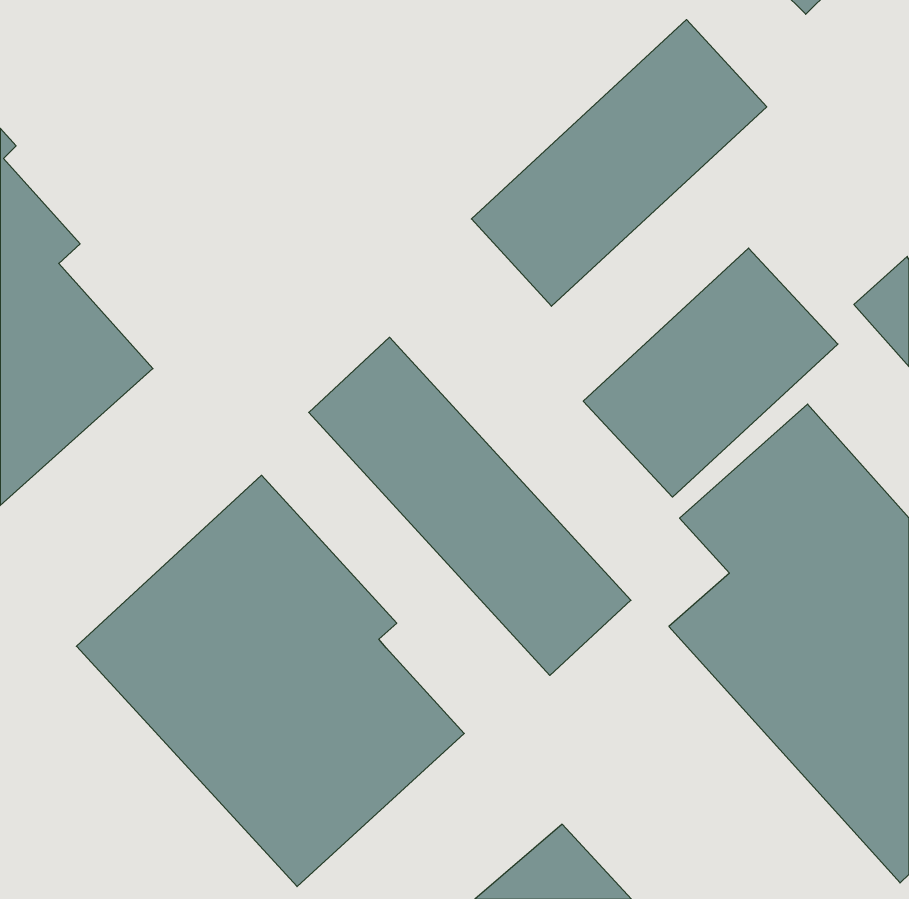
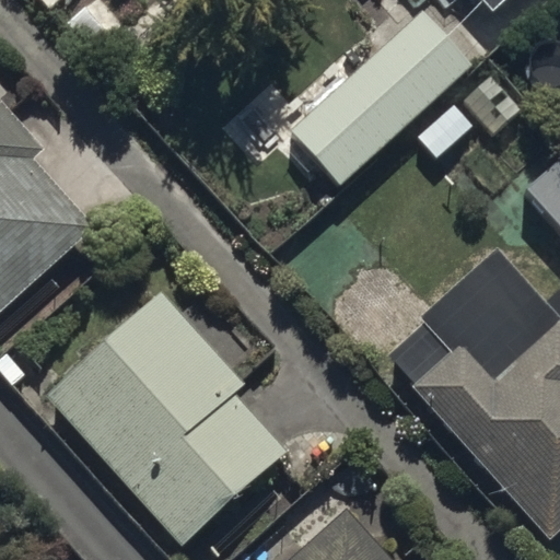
building: [583,248,838,497] -> none
building: [309,337,631,675] -> none

